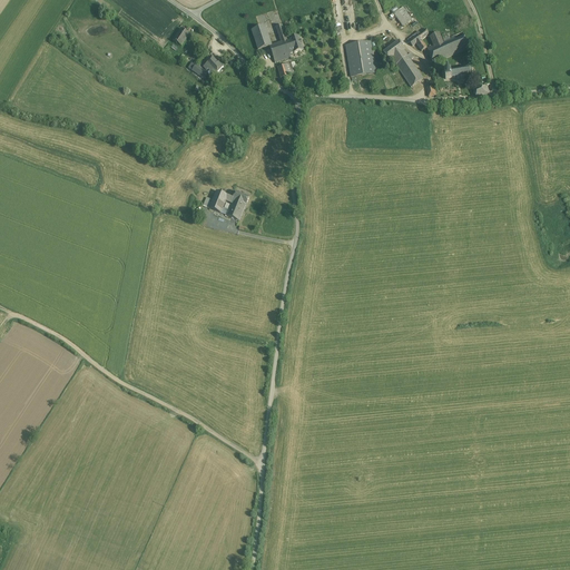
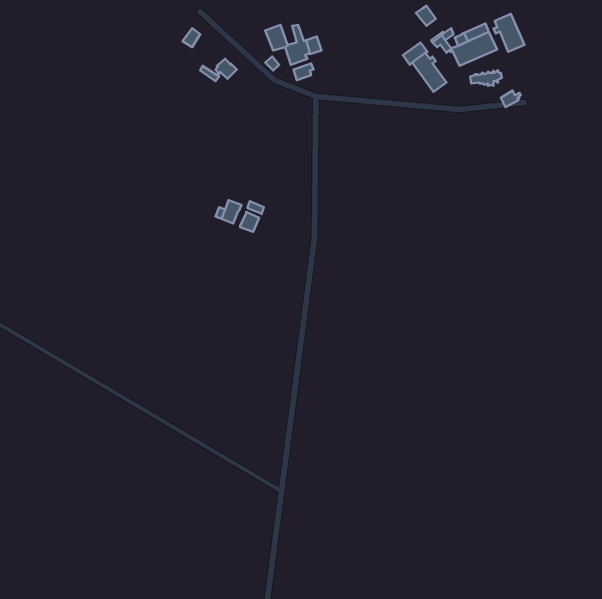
building: none -> [494,14,525,52]
building: [343,41,374,78] -> none

